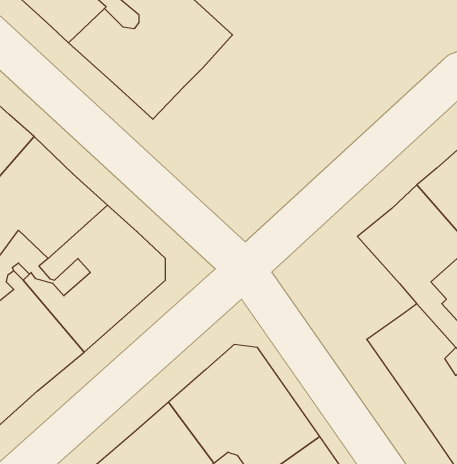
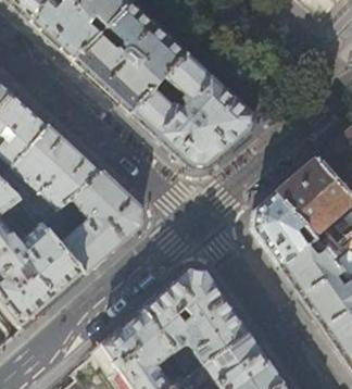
building: none -> [131,53,250,166]
building: none -> [253,193,306,265]

